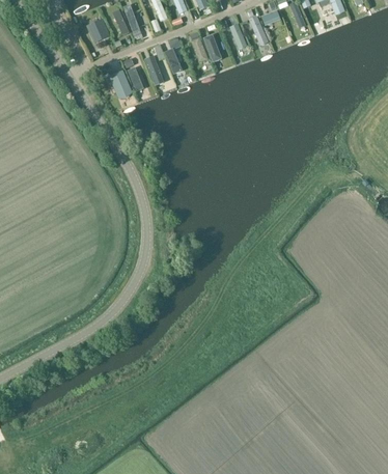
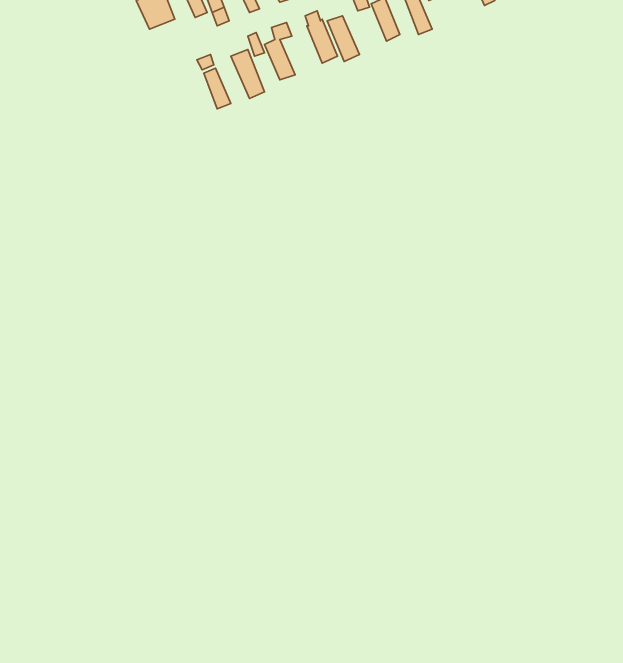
building: [106,68,132,97] -> none

